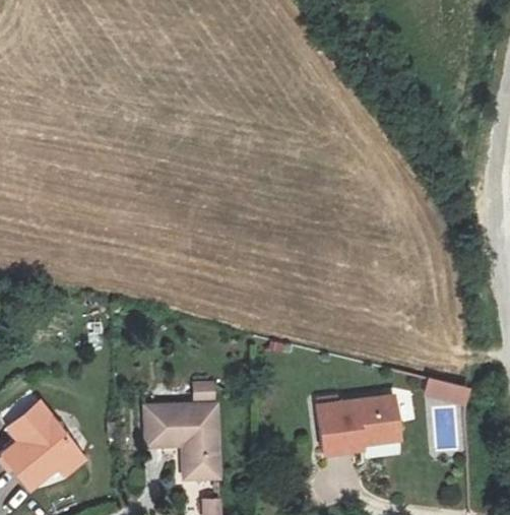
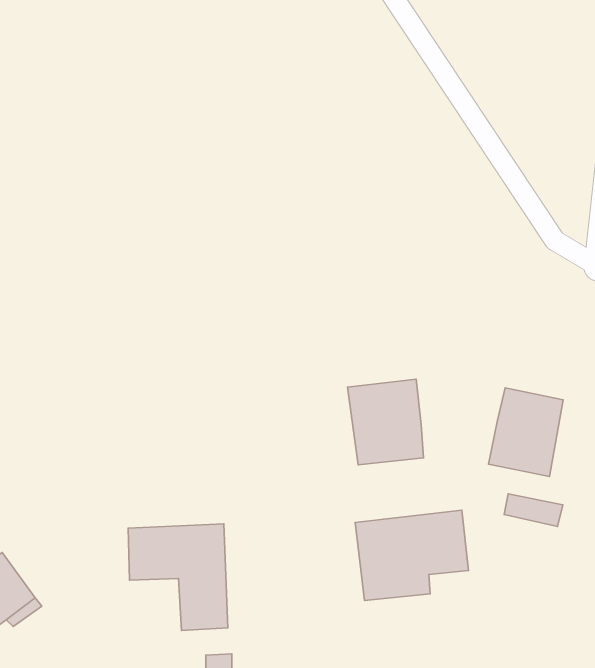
building: none -> [347,379,424,465]
building: none -> [488,388,563,476]

